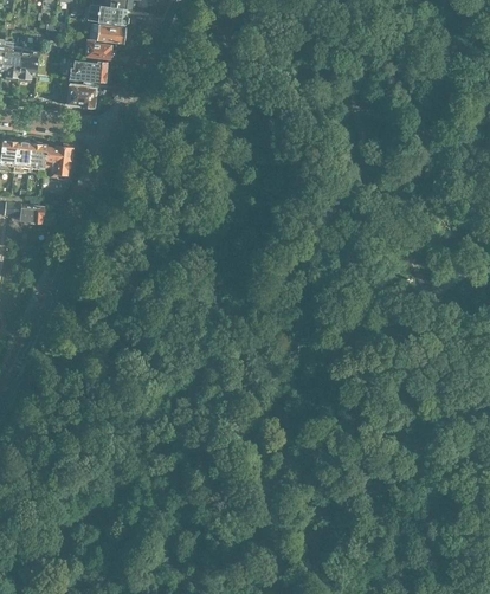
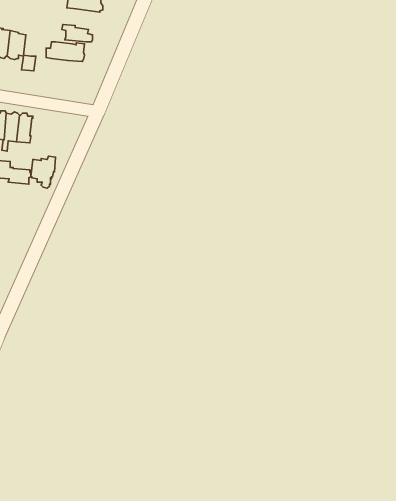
building: [90,22,125,44] -> none
building: [60,82,98,109] -> none
building: [45,143,73,180] -> [31,156,56,188]

